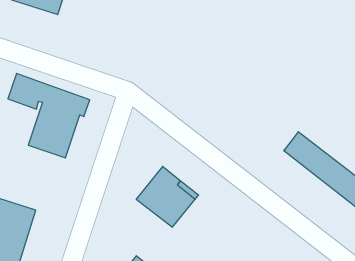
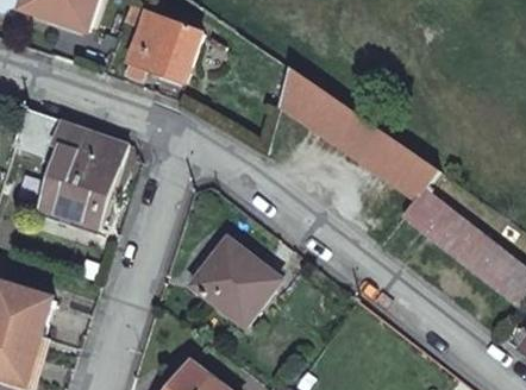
building: none -> [126,14,202,83]
building: none -> [280,70,439,199]

